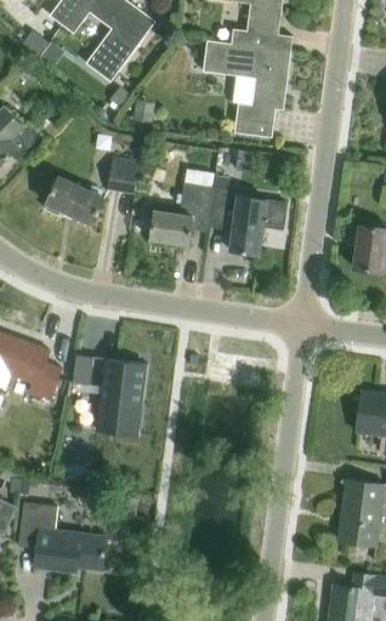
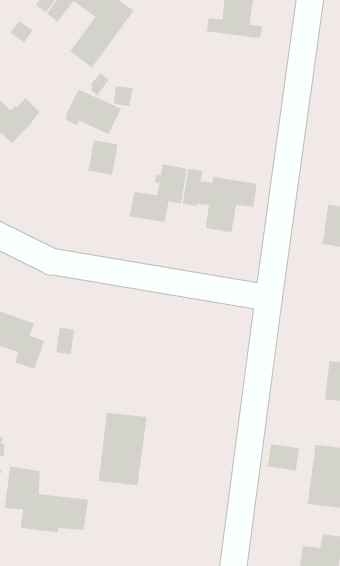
building: [203,40,289,137] -> none
building: [44,177,104,226] -> [64,89,122,135]
building: [93,358,146,435] -> [98,412,147,486]
building: none -> [267,444,300,471]

